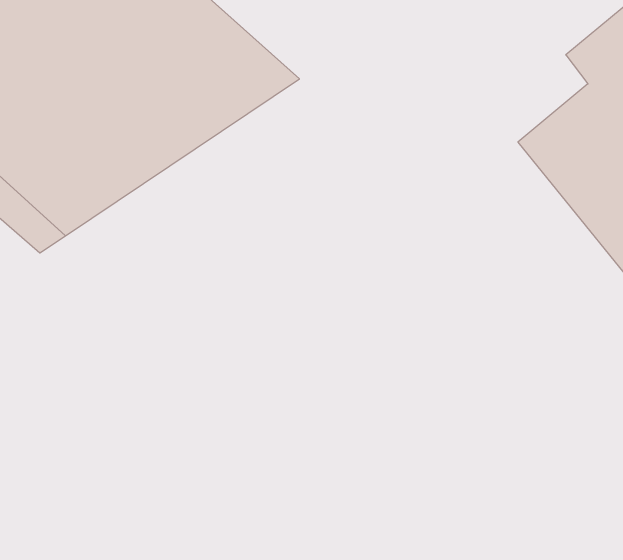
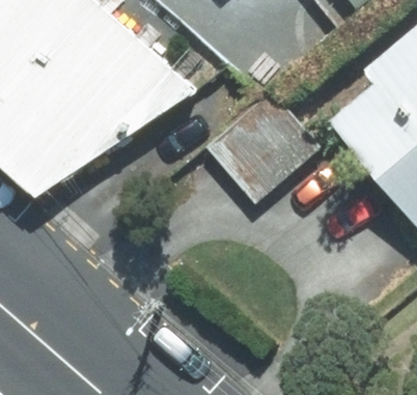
building: none -> [198,93,321,215]

